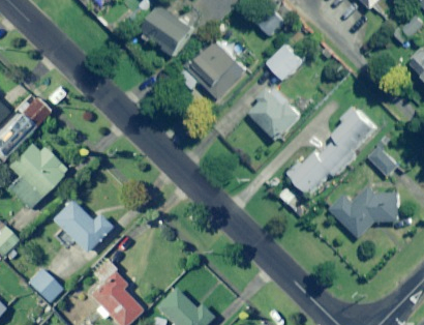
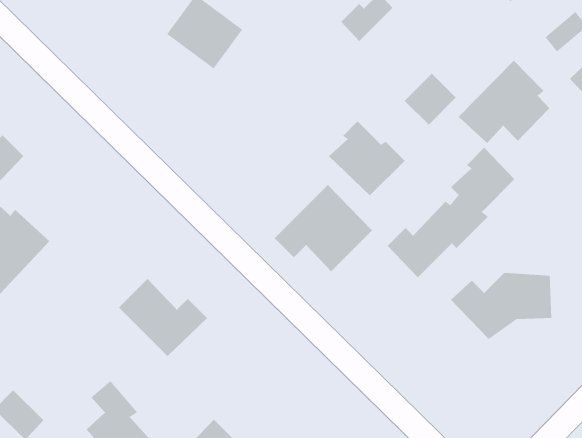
building: [183,38,249,97] -> [274,184,373,272]
building: [271,43,306,79] -> [404,73,456,125]
building: none -> [458,60,550,144]
building: [371,145,401,176] -> none
building: [51,199,111,252] -> [118,278,208,357]

